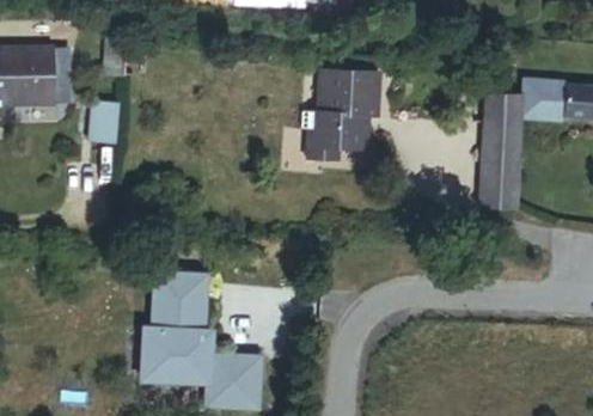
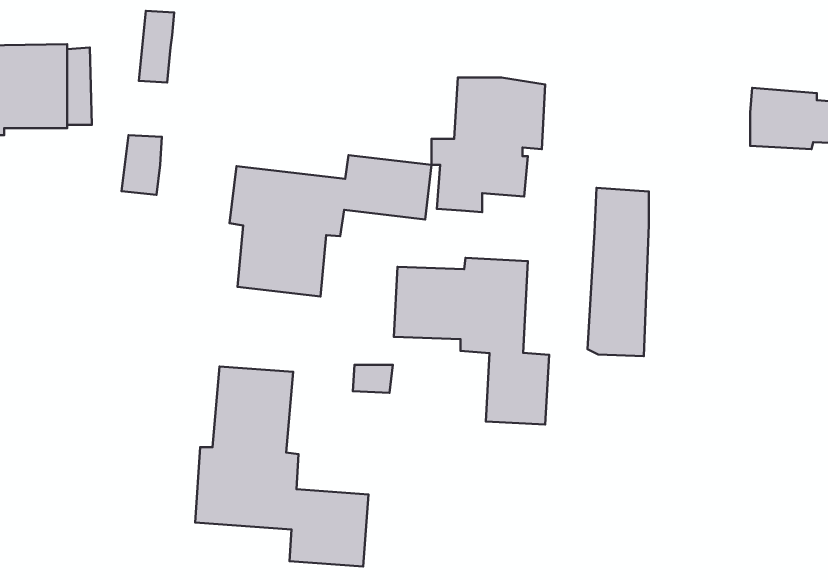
building: [478,92,520,207] -> [588,188,649,356]
building: none -> [230,155,431,296]
building: none -> [394,258,549,425]

